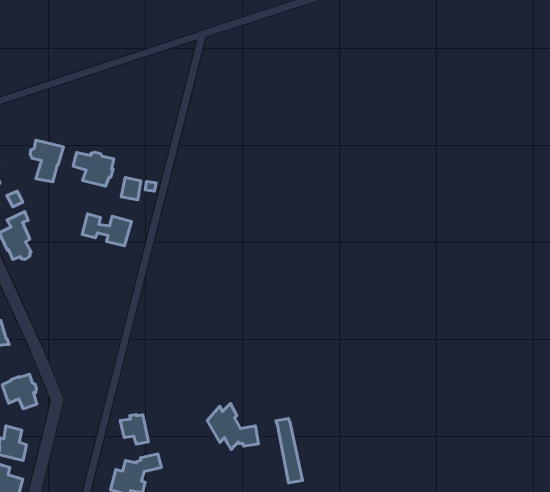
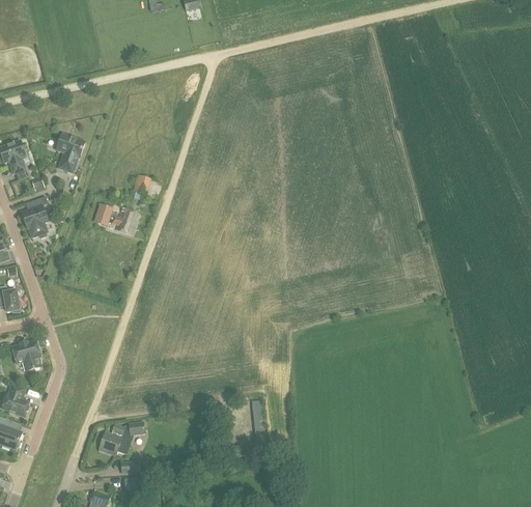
building: [73,152,114,186] -> none
building: [207,404,258,449] -> none
building: [120,414,148,444] -> none

